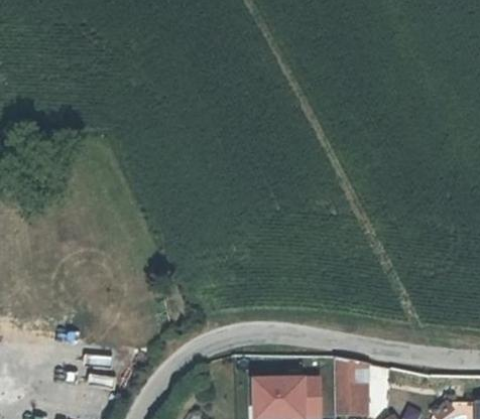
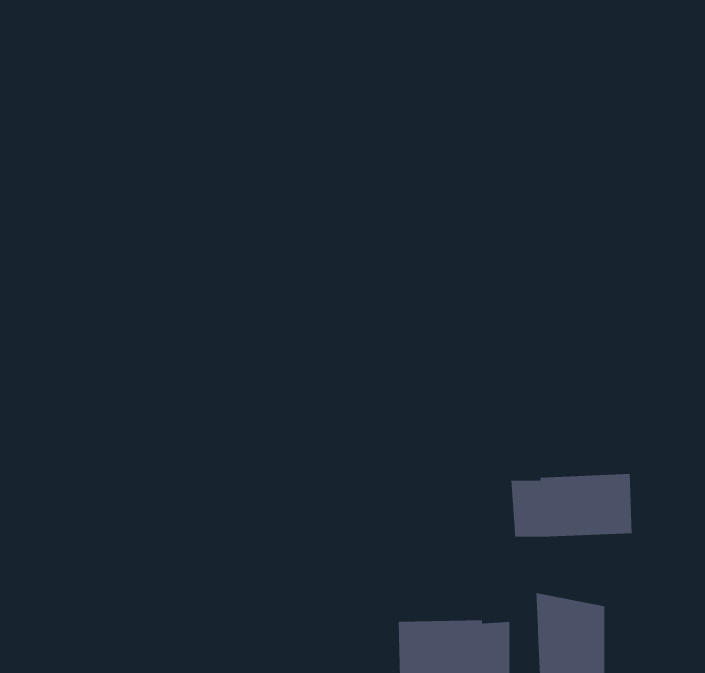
building: none -> [511,473,633,538]

